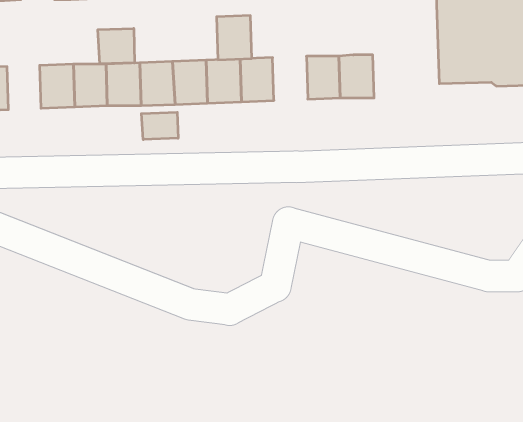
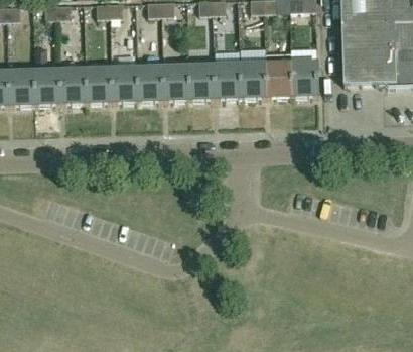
building: [217,16,252,60] -> [215,62,242,96]
building: [98,28,134,64] -> none
building: none -> [292,60,318,94]
building: none -> [9,69,35,103]
building: [141,112,178,140] -> none

